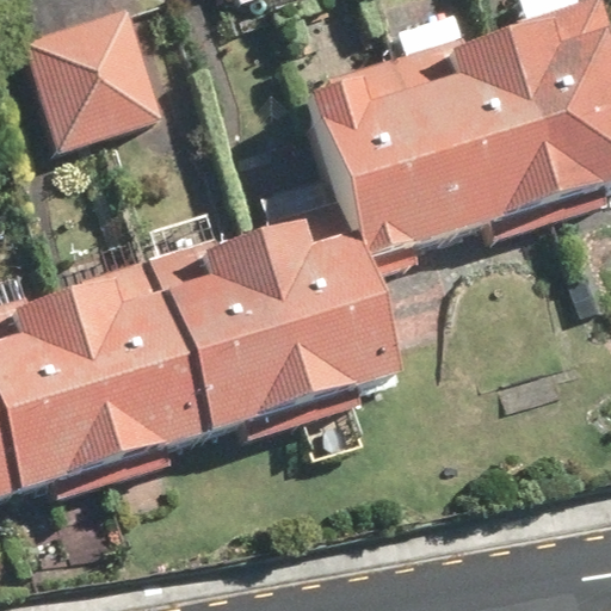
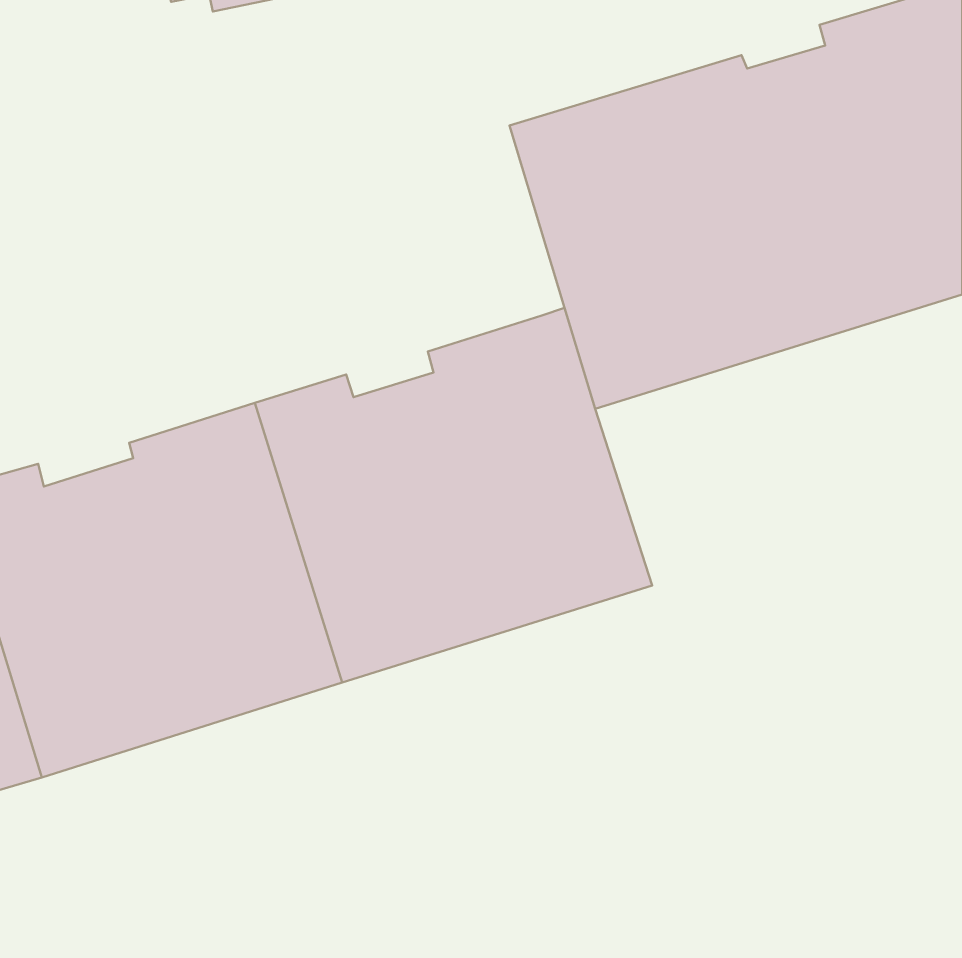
building: [18,5,166,152] -> none

